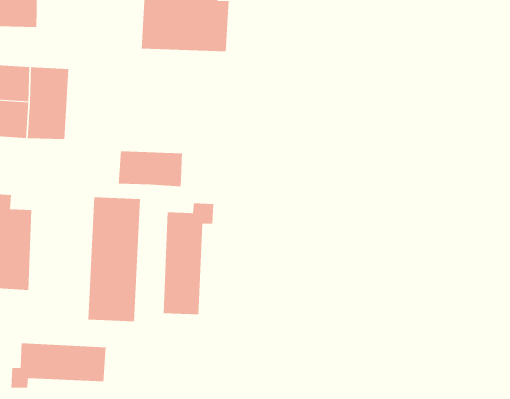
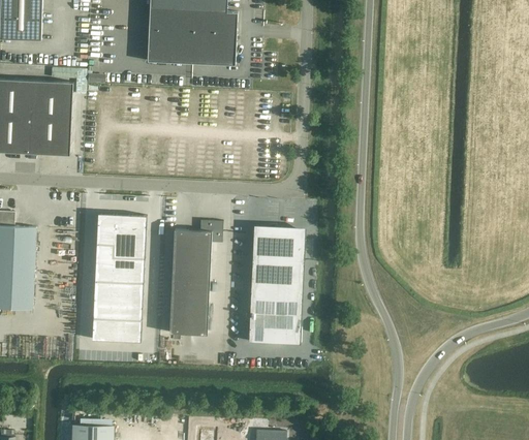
building: [118,151,183,187] -> none
building: none -> [248,237,304,344]
building: [11,343,106,389] -> none

